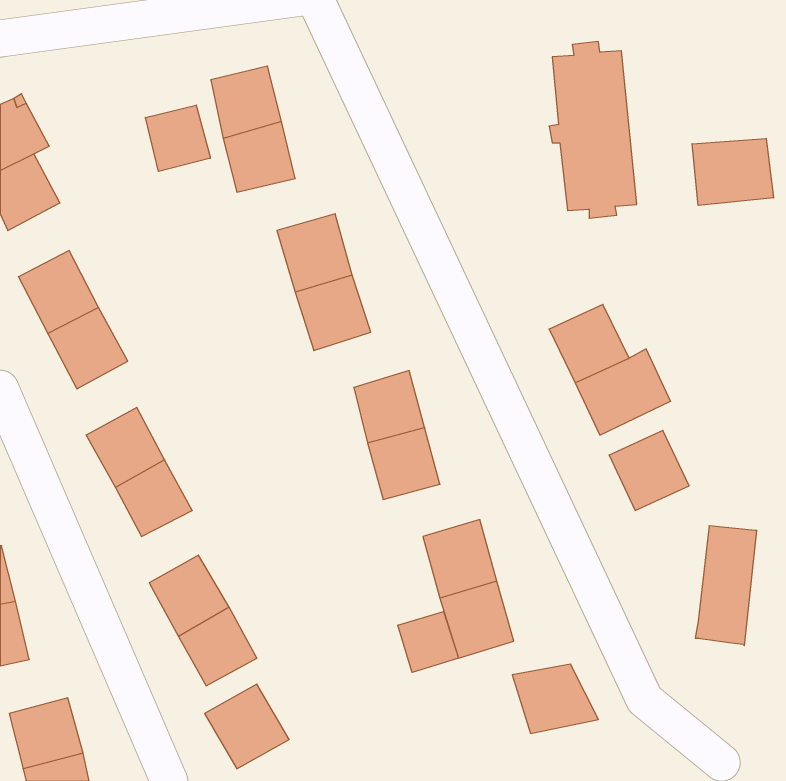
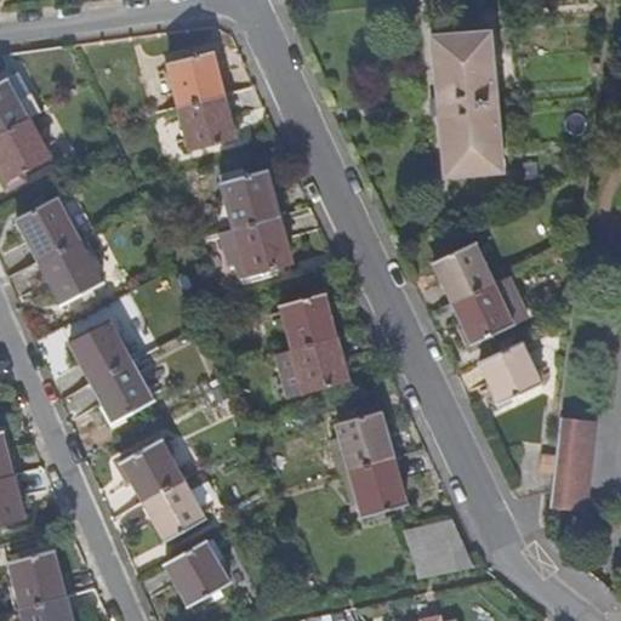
building: [145,105,210,171] -> none
building: [692,138,774,205] -> none
building: [398,612,458,672] -> none

